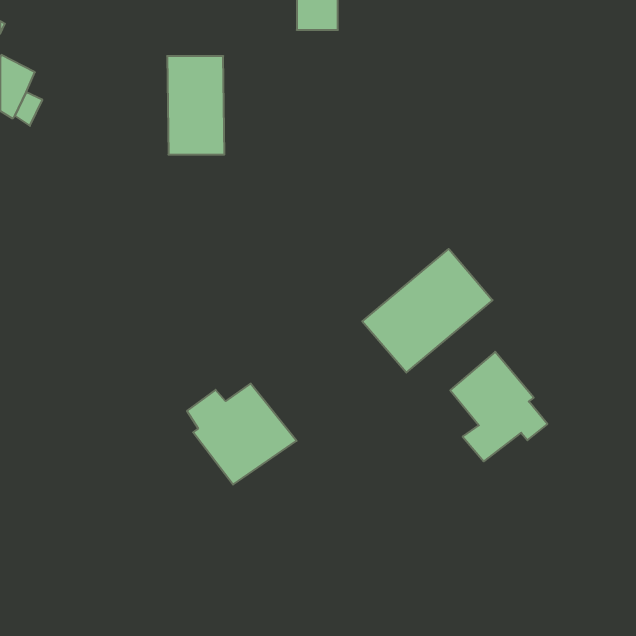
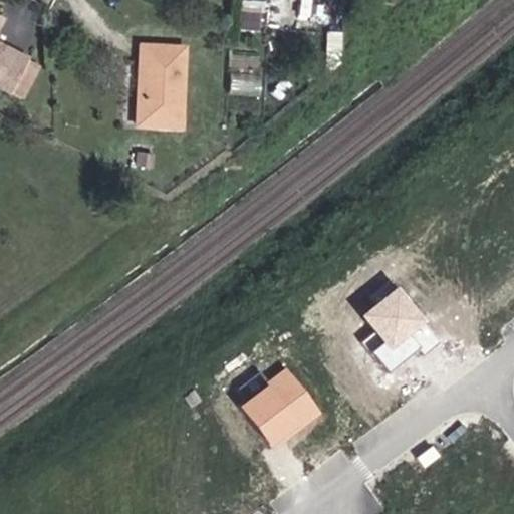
building: [362,249,493,373] -> none
building: [187,384,297,485] -> [236,366,324,448]

